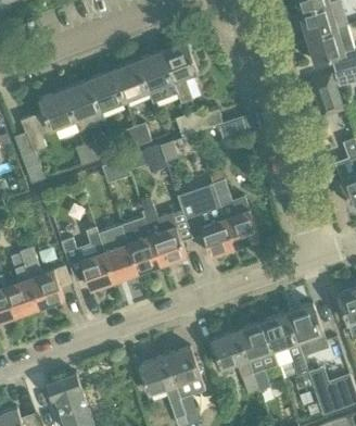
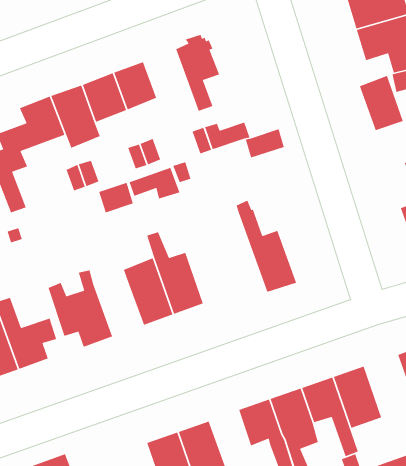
building: [138,53,178,103] -> none
building: [181,184,236,255] -> none
building: [103,243,138,281] -> none

